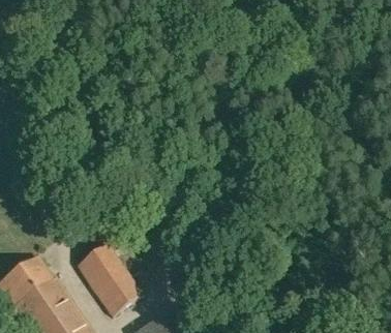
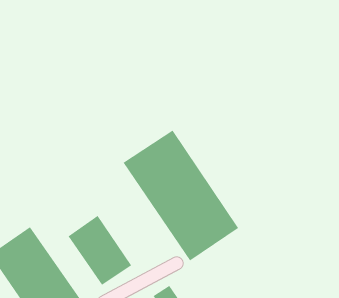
building: none -> [123,129,239,262]

